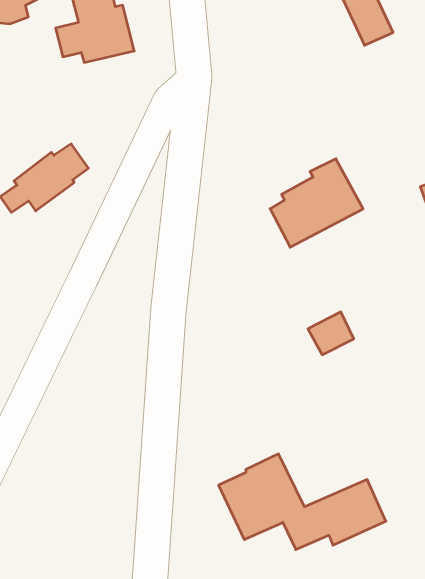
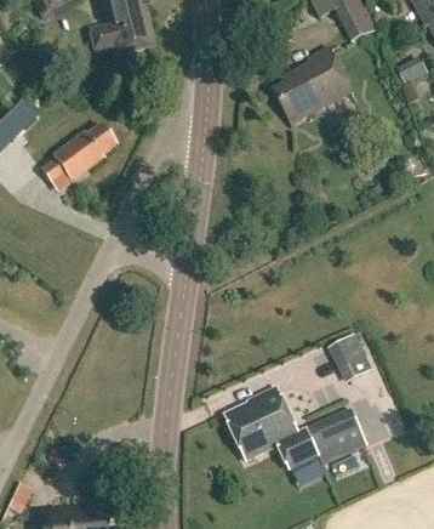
building: [270,159,363,247] -> [274,47,353,123]
building: [308,312,354,355] -> [326,331,365,368]

